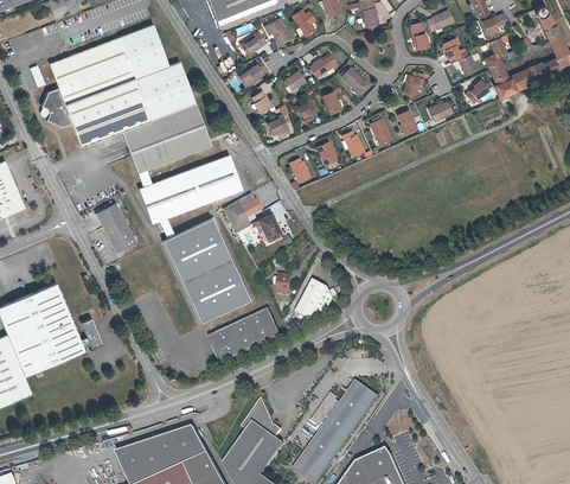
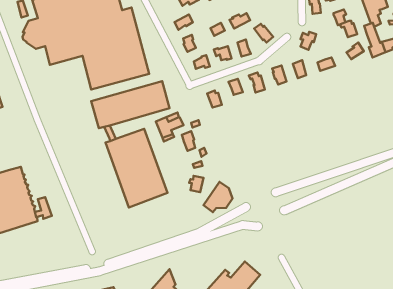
building: [96,203,135,251] -> none
building: [210,307,282,363] -> none

